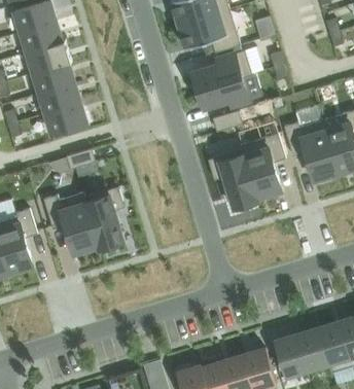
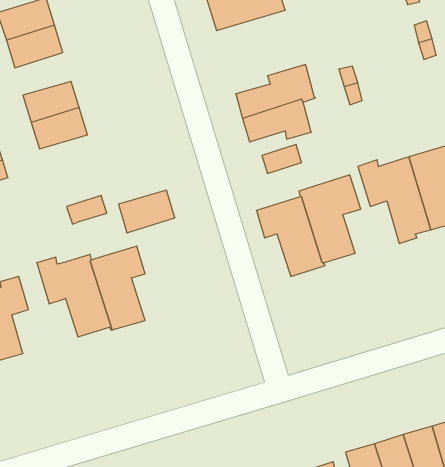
building: [177,10,239,54] -> none
building: [26,41,71,74] -> none
building: [44,104,86,136] -> [119,190,175,233]

